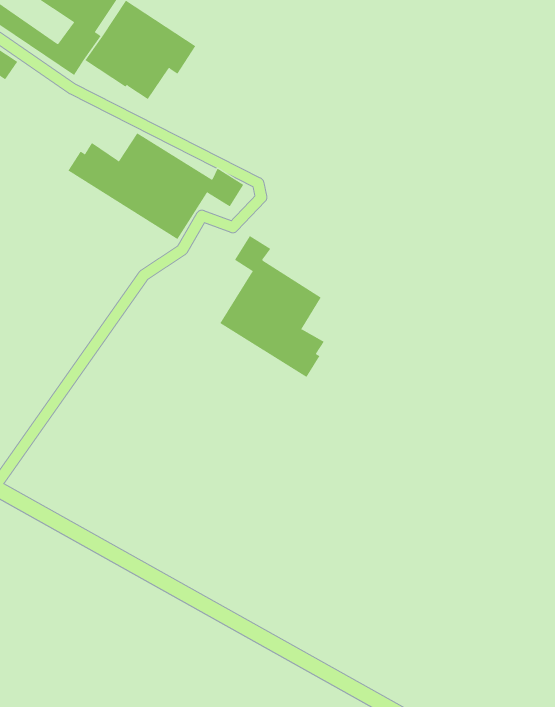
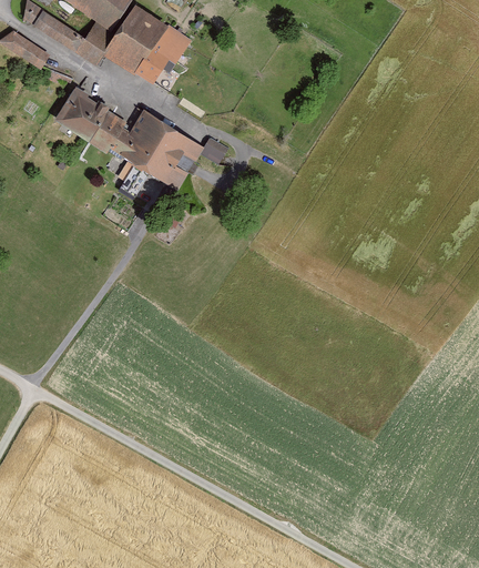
building: none -> [54,84,112,139]
building: [220,235,324,378] -> none

